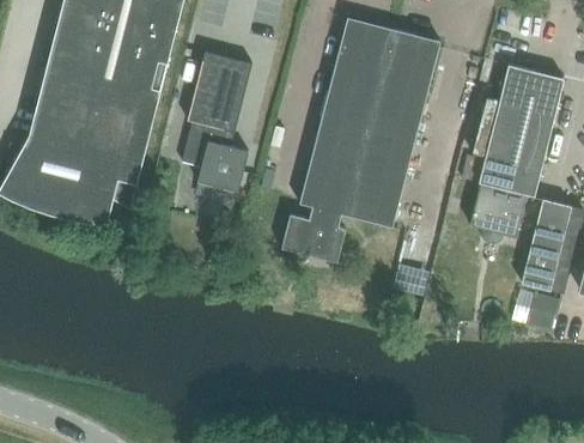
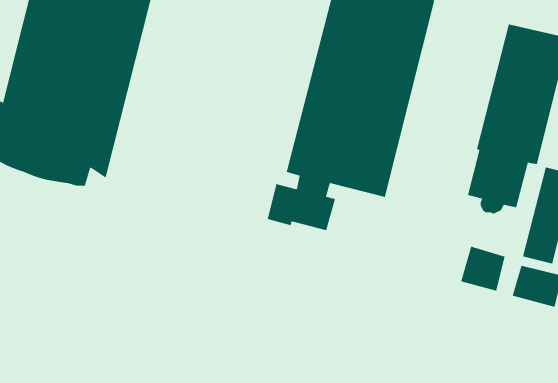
building: [182,51,251,192] -> none
building: none -> [461,246,505,291]

